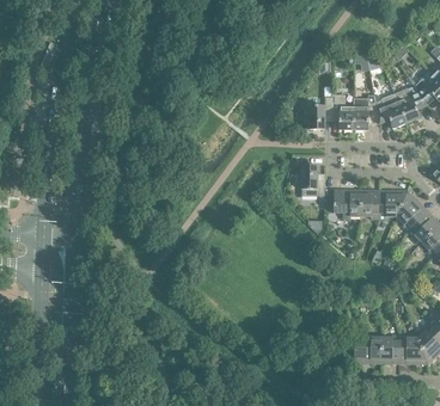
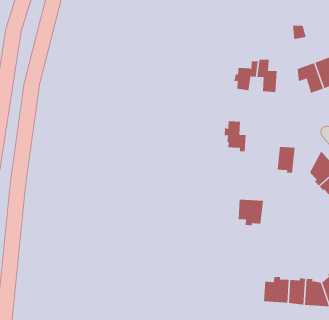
building: [354,93,378,129] -> none
building: [334,189,361,217] -> [238,199,264,226]
building: [378,189,408,219] -> none

